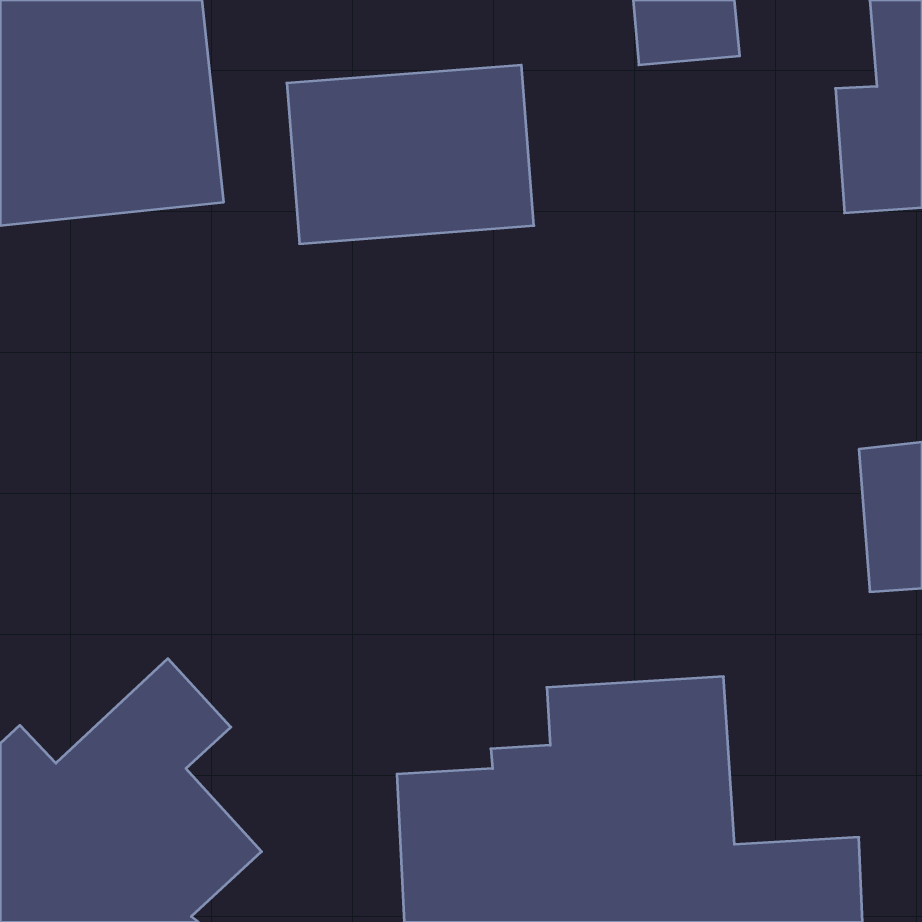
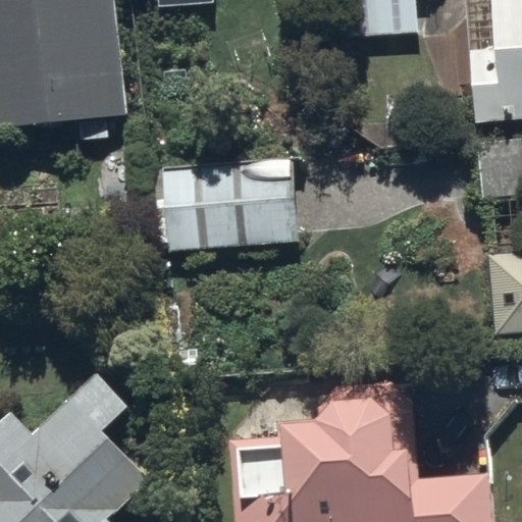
building: [287,65,534,244] -> [160,158,300,259]

